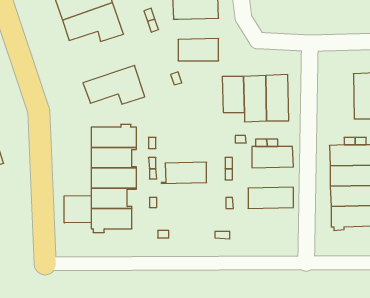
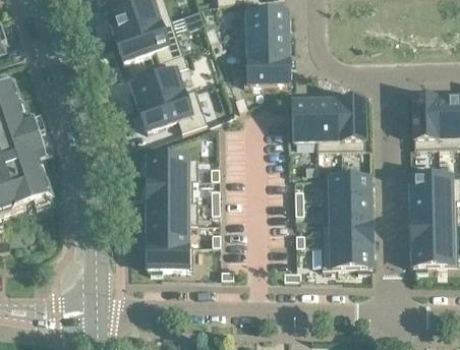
building: none -> [243,36,288,59]
building: none -> [131,53,195,107]
building: none -> [413,97,438,147]
building: [161,162,207,183] -> [321,199,370,223]
building: [64,196,91,223] -> none
building: none -> [321,244,371,271]

